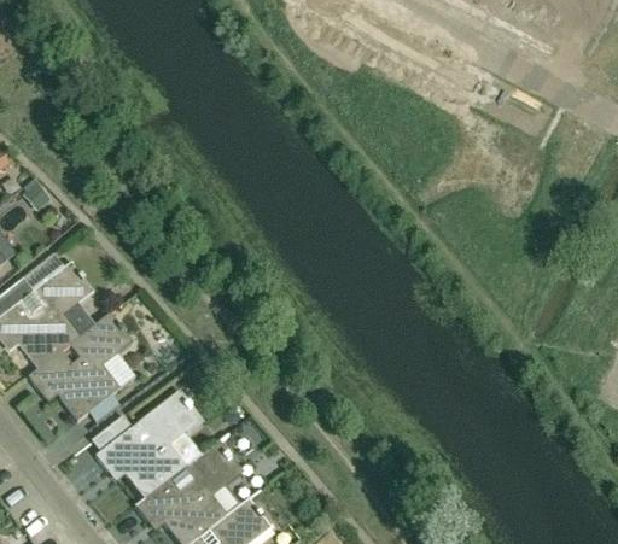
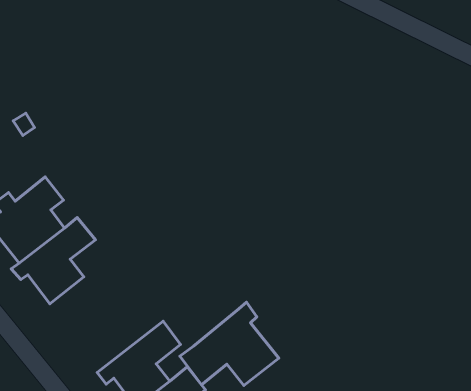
building: [95,392,217,505] -> none
building: none -> [180,302,279,386]

